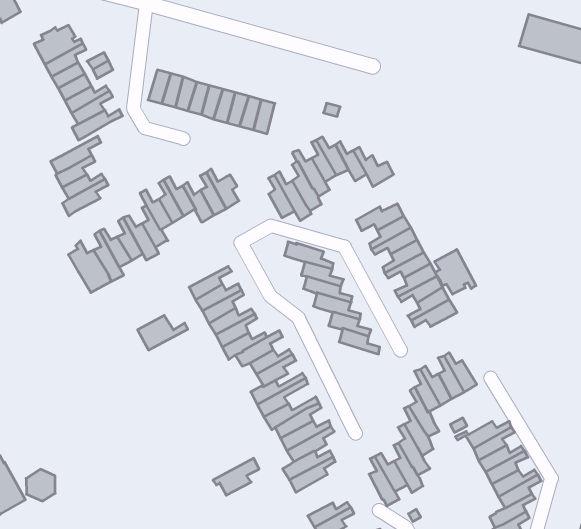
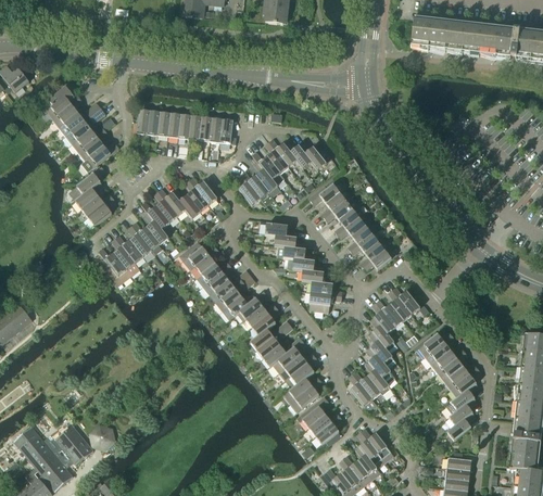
building: [435,249,476,294] -> none
building: [138,315,188,350] -> [179,241,217,269]
building: none -> [308,292,342,313]
building: [213,458,259,495] -> [296,396,330,428]

